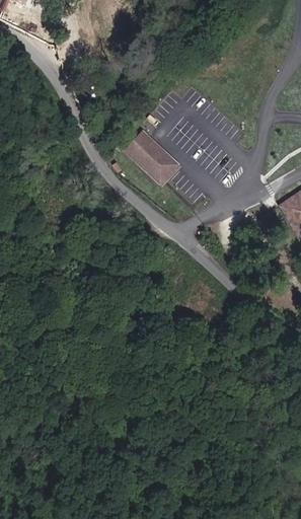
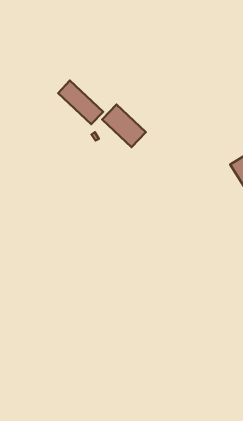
building: none -> [58,81,103,124]

